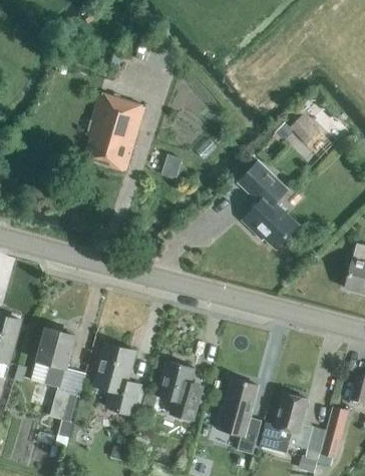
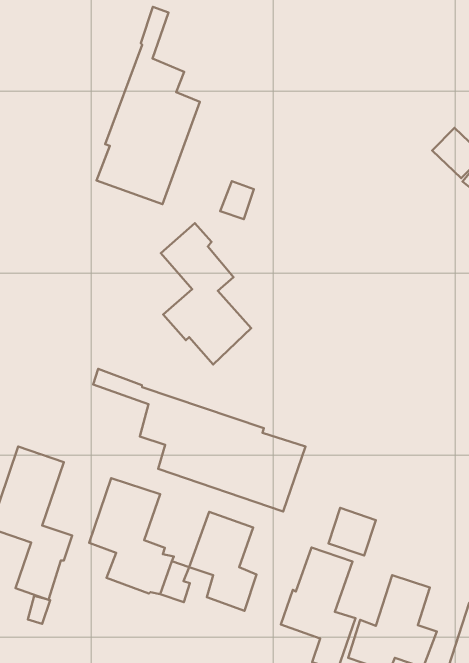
building: [238,161,297,249] -> [161,223,251,365]
building: none -> [93,369,305,512]
building: none -> [329,508,376,556]

